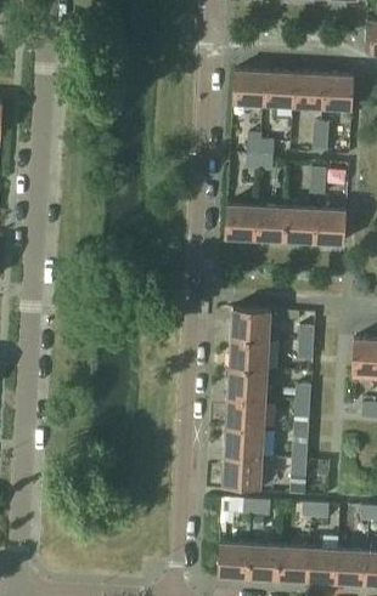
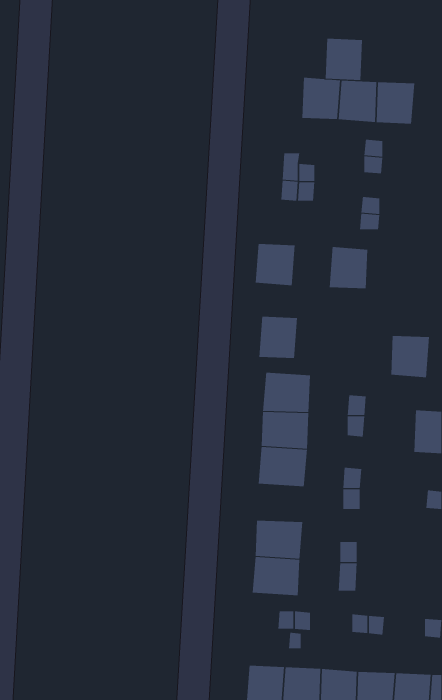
building: [233,70,264,104] -> [325,38,363,80]
building: [255,206,287,240] -> [258,316,298,359]
building: [315,210,347,244] -> [390,335,430,378]
building: [226,398,265,428] -> none

